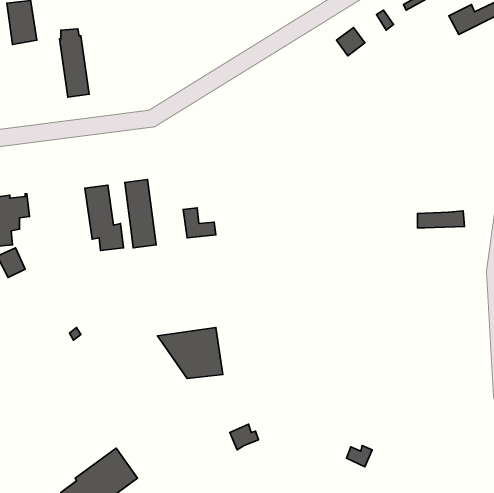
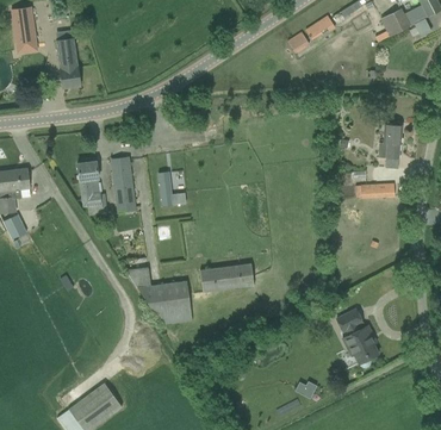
building: none -> [378,123,402,168]
building: none -> [200,261,254,291]
building: none -> [336,309,378,367]

